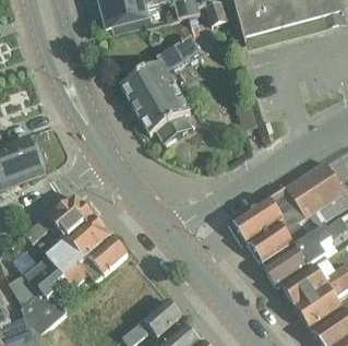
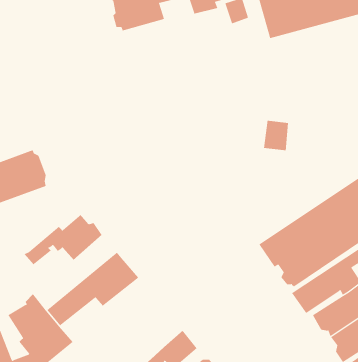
building: [121,37,201,144] -> none
building: [33,214,108,282] -> none

